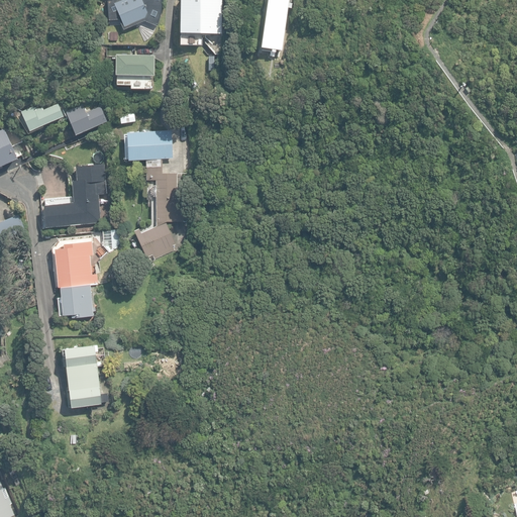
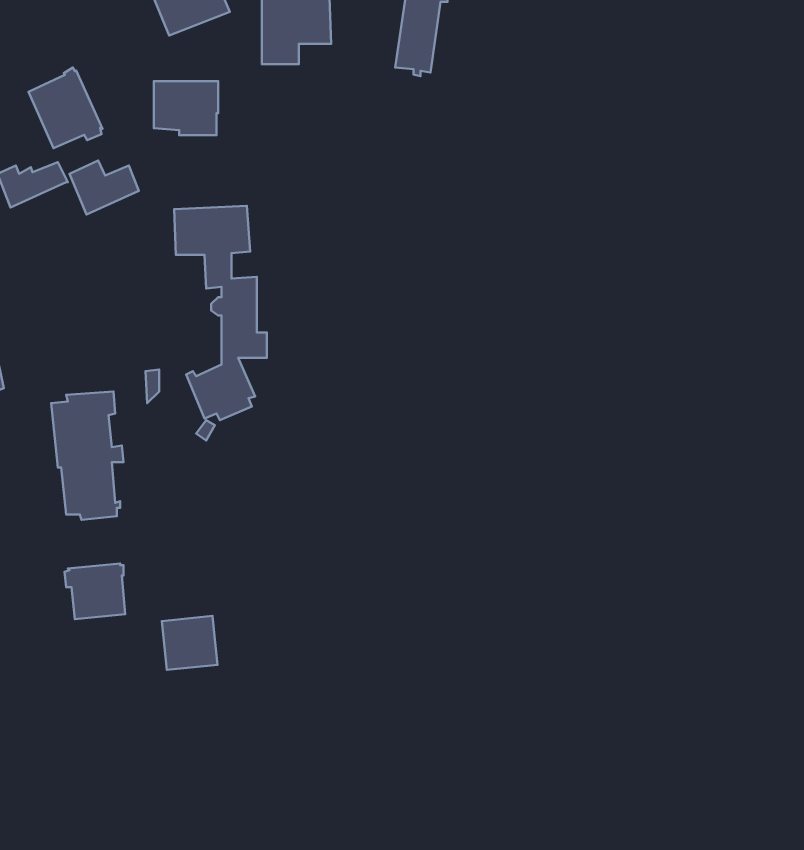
building: none -> [28,68,103,148]
building: [43,164,106,226] -> none
building: [68,375,101,407] -> [162,616,218,670]

